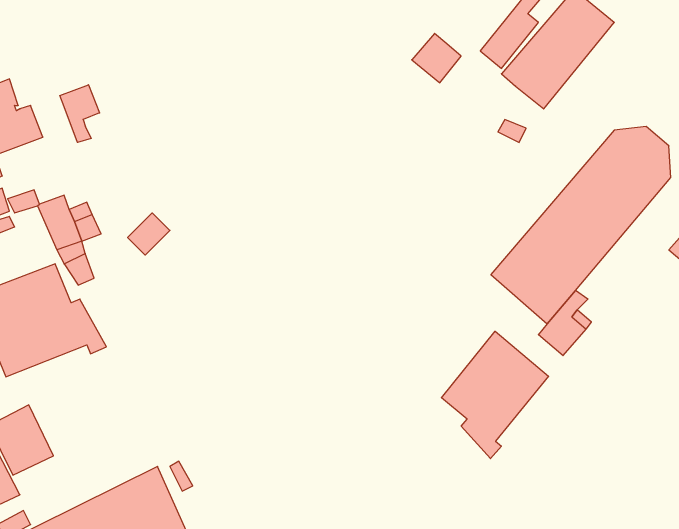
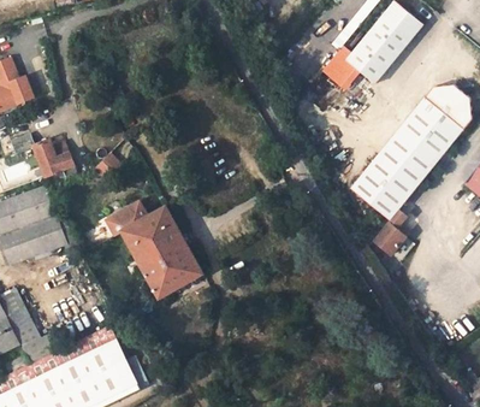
building: [412,33,461,83] -> [322,51,356,84]
building: [60,85,100,142] -> none
building: none -> [103,202,201,301]
building: [441,331,549,459] -> none

